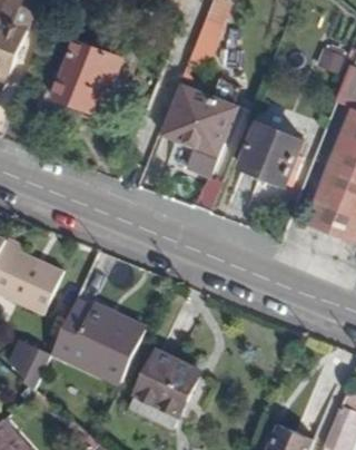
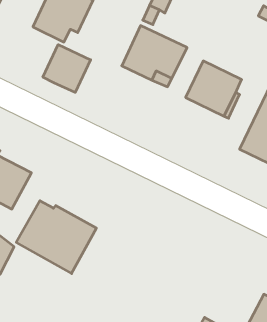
building: none -> [43,45,91,92]
building: [128,352,199,430] -> none

